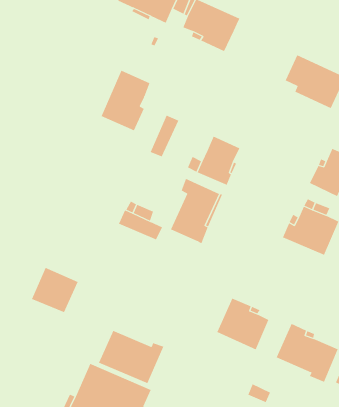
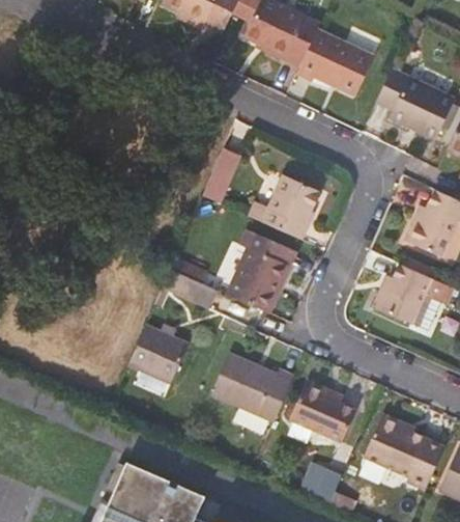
building: none -> [294,32,372,97]
building: [101,70,150,131] -> none
building: [31,267,78,313] -> [128,324,189,382]
building: [98,330,164,384] -> [211,353,295,421]
building: none -> [298,465,341,504]

